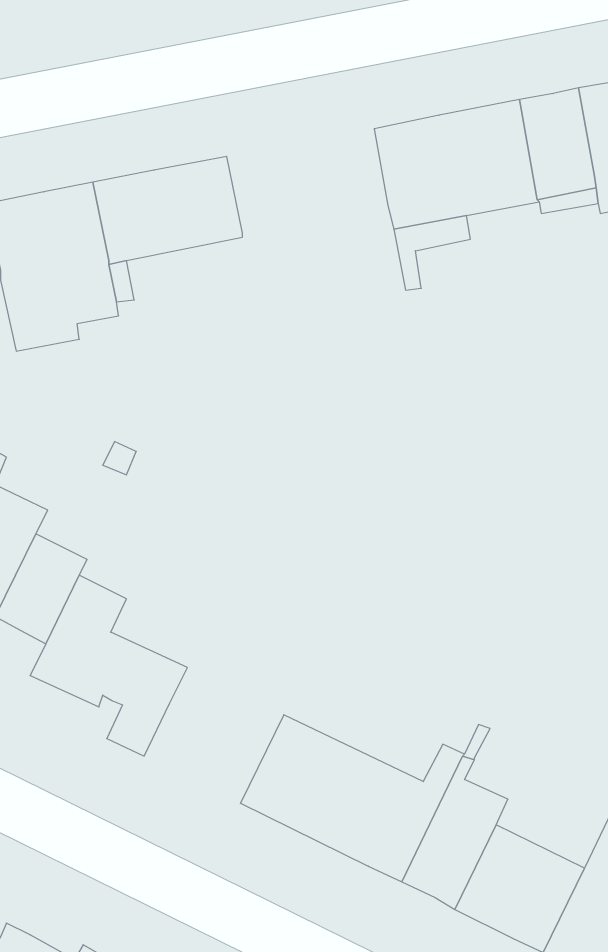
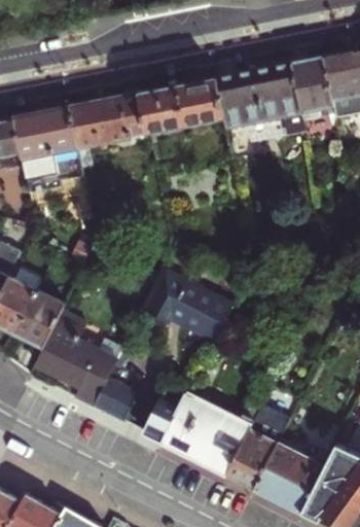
building: none -> [137,78,221,133]
building: none -> [141,270,229,340]
building: none -> [94,379,138,421]

